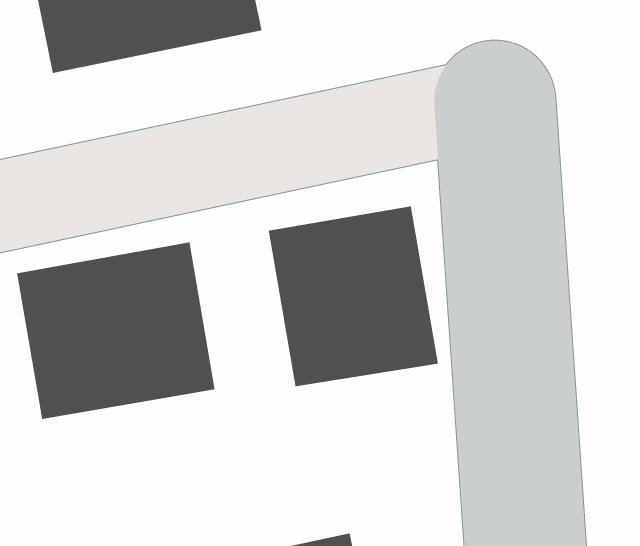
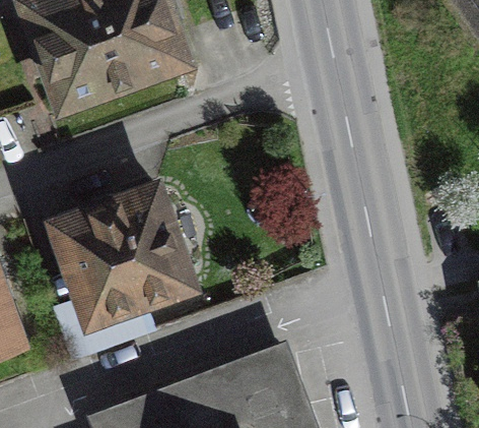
building: [268,205,439,387] -> none

